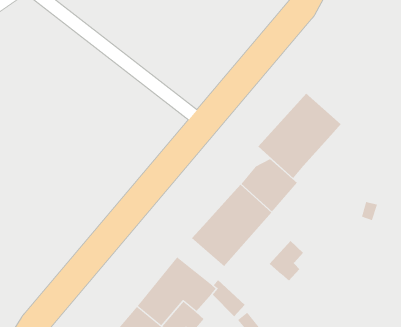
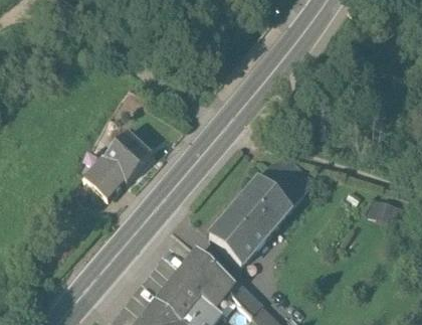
building: [258,93,341,179] -> none
building: none -> [80,140,147,203]
building: [269,240,304,282] -> none

